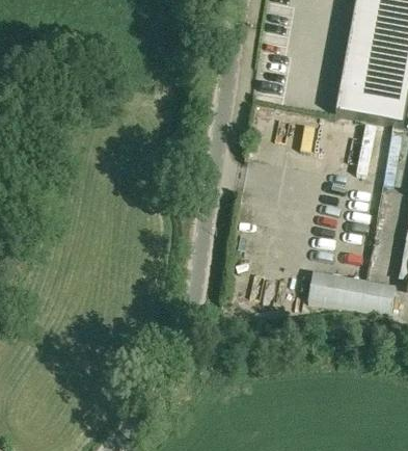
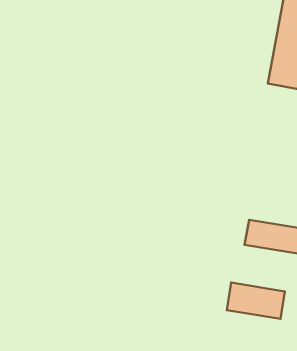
building: none -> [227,283,285,319]

